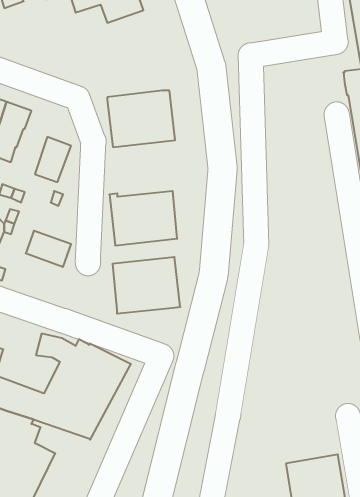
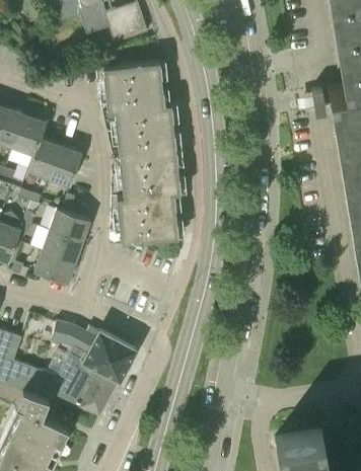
building: none -> [103,61,164,112]
building: none -> [26,138,61,178]
building: none -> [49,208,90,241]
building: none -> [34,249,75,283]
building: [112,257,180,314] -> [120,148,180,199]

